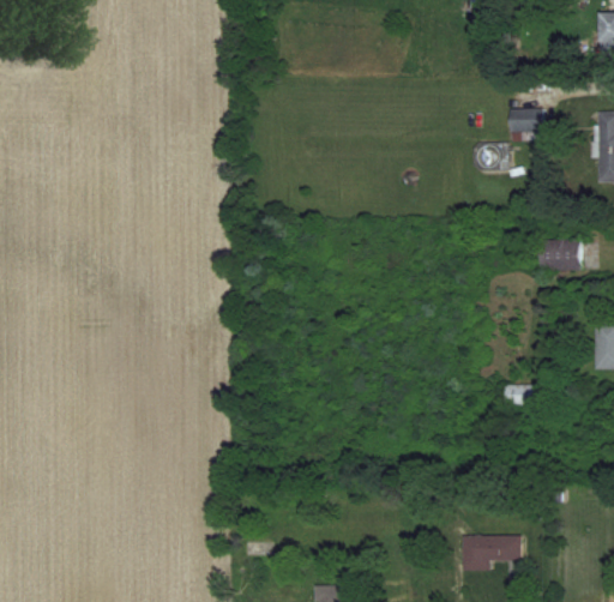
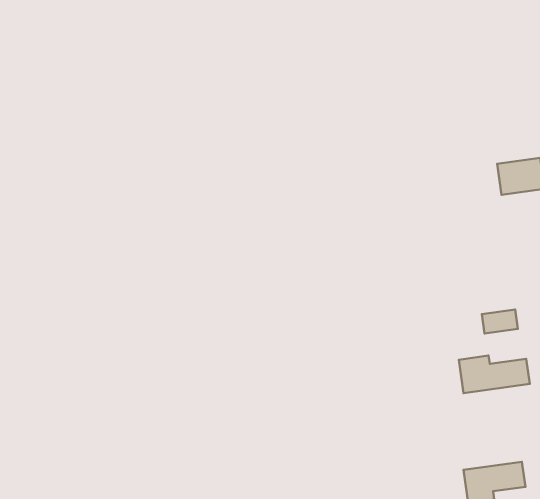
building: [510,109,542,140] -> none
building: none -> [459,356,530,393]

